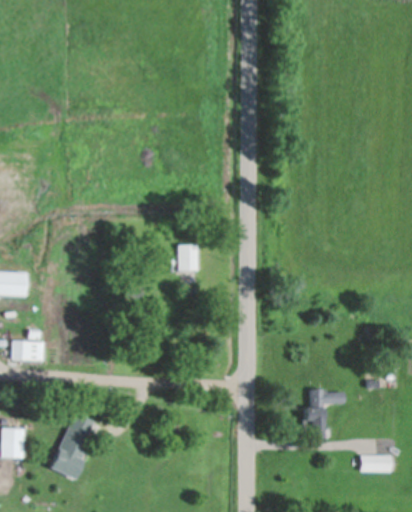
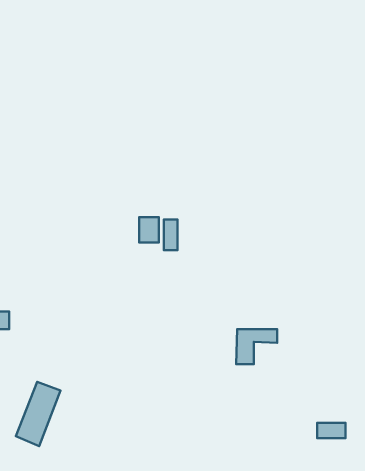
building: none -> [164,220,178,250]
building: [304,390,346,426] -> [236,329,277,364]

